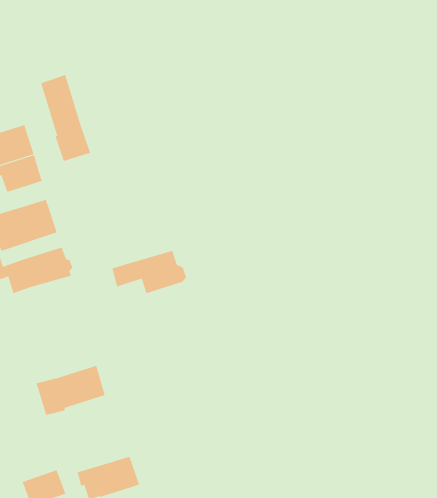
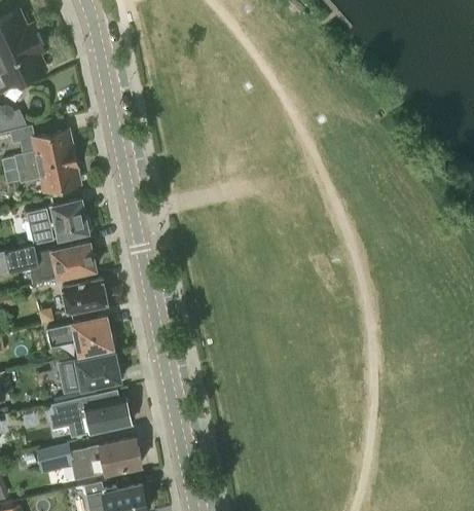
building: [41,74,91,162] -> none
building: [112,250,187,294] -> [48,318,115,355]
building: none -> [62,280,107,315]
building: none -> [50,391,135,438]

